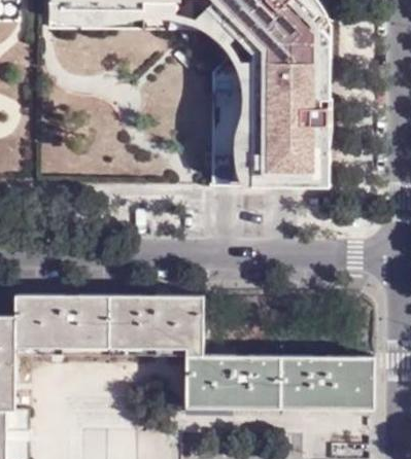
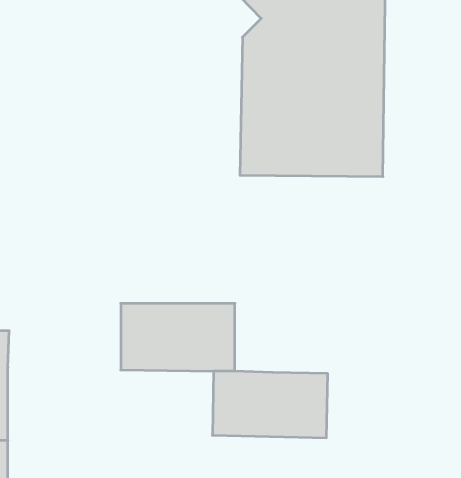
building: [18,293,110,349] -> none
building: [279,352,375,407] -> none

